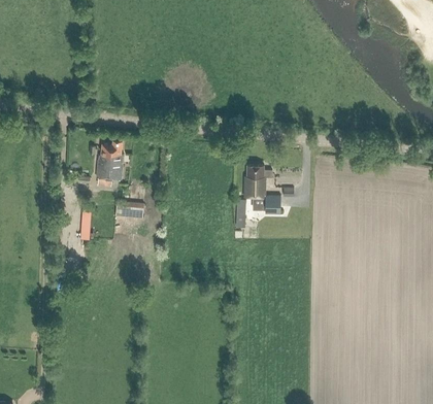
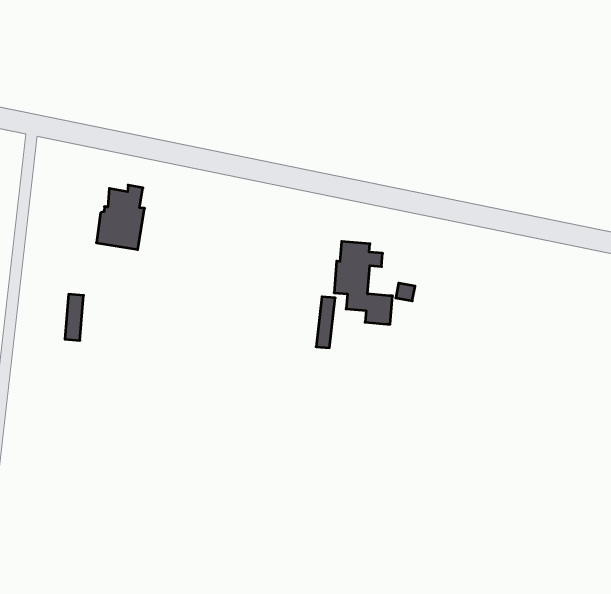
building: [115,201,143,218] -> none

